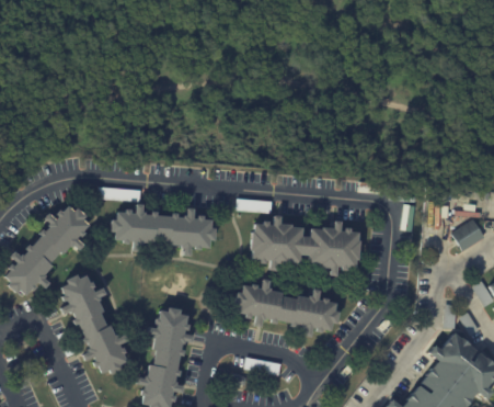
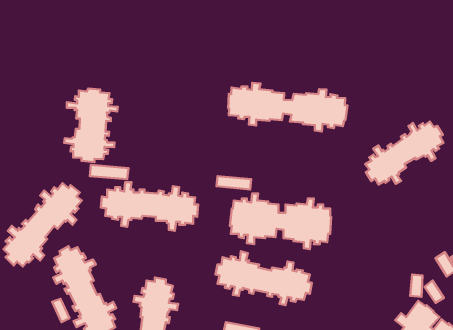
building: none -> [228,83,347,131]
building: none -> [64,88,118,162]
building: none -> [365,122,443,184]
building: [453,219,486,251] -> none

